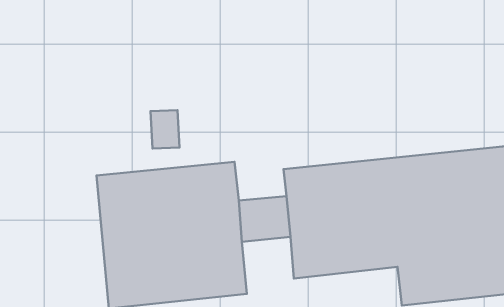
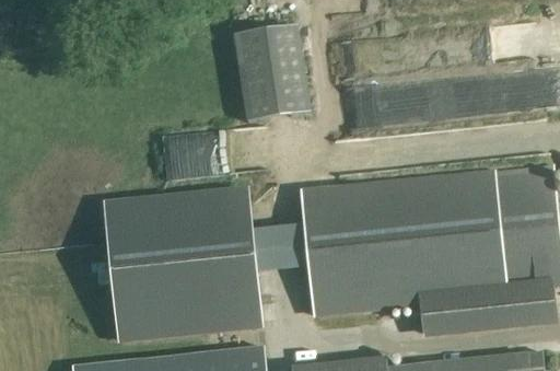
building: none -> [235,25,310,120]

